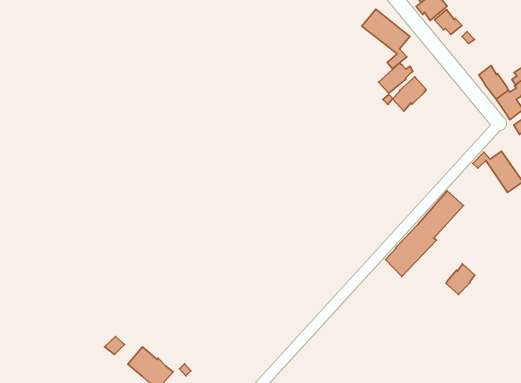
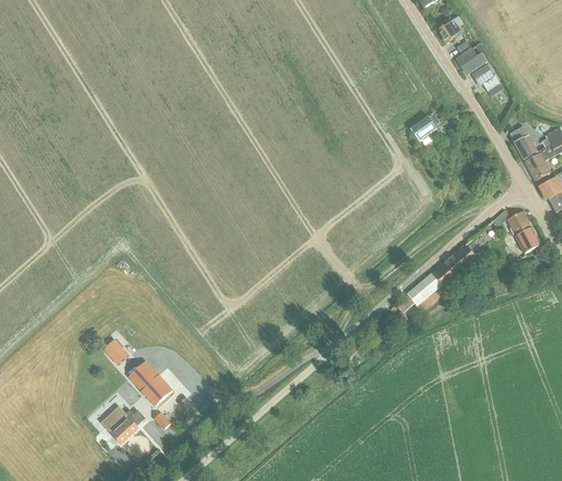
building: [362,9,410,69] -> none
building: [392,77,426,111] -> none
building: [446,264,475,295] -> none

